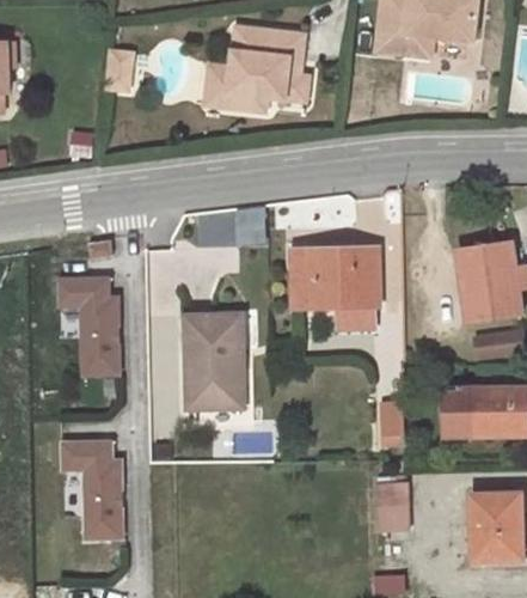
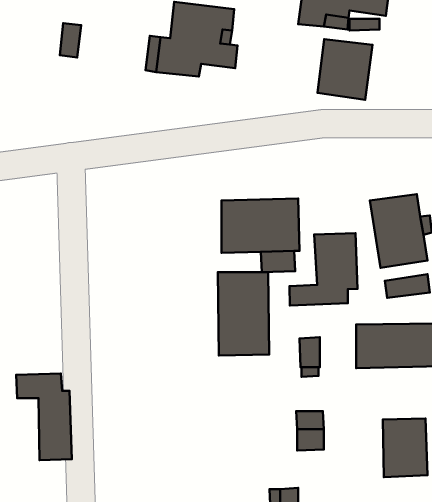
building: none -> [318,39,373,100]
building: [55,277,118,374] -> none
building: none -> [290,233,358,305]
building: [184,312,241,405] -> [218,272,269,355]

